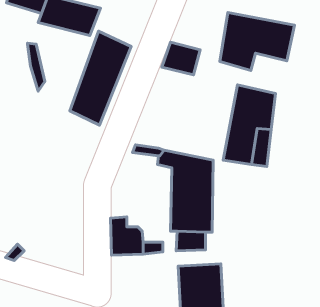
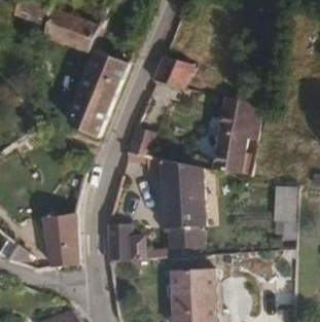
building: [220,13,295,71] -> none
building: none -> [275,185,298,239]
building: none -> [46,212,77,265]

